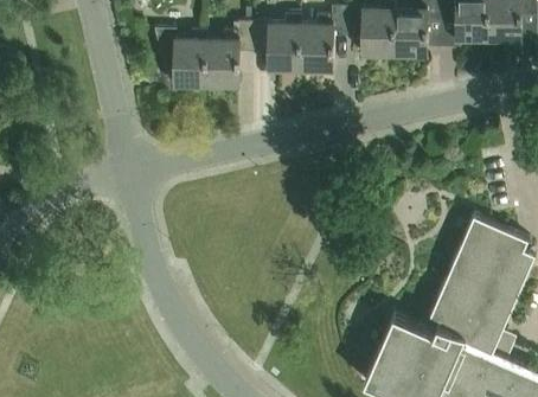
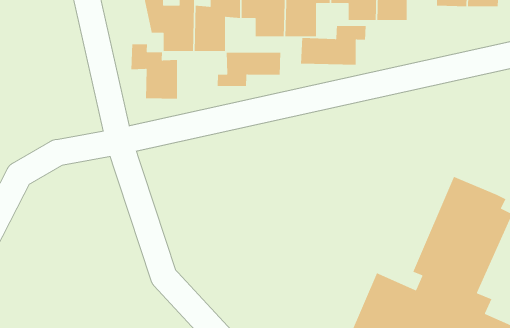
building: none -> [300,25,367,65]
building: none -> [131,43,178,100]
building: none -> [217,52,281,87]

